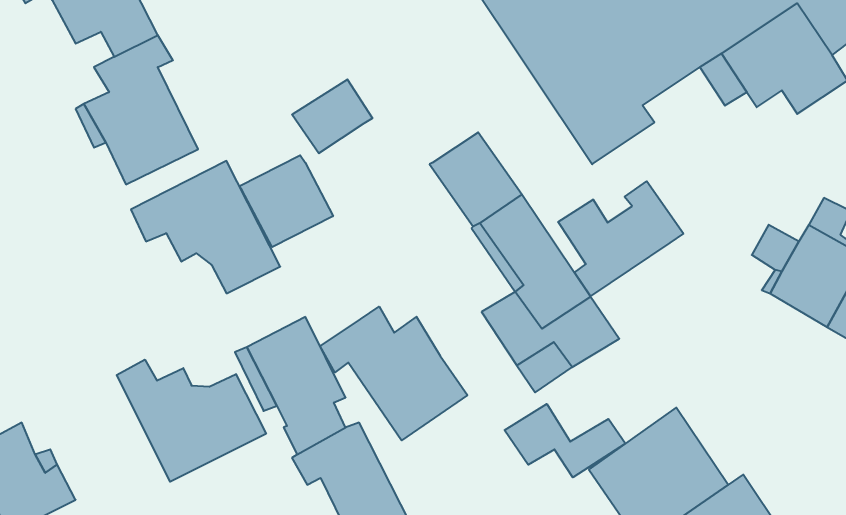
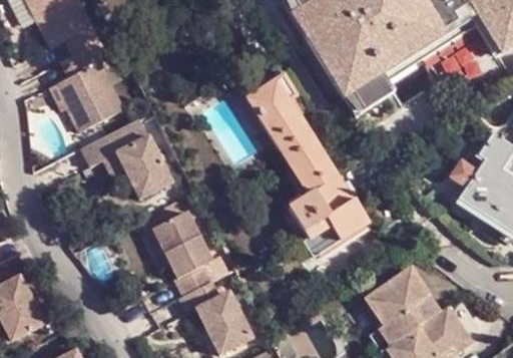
building: [292,79,373,153] -> [247,75,296,119]
building: [239,155,333,247] -> none
building: [558,181,683,296] -> none
building: [320,307,467,440] -> none
building: [117,360,266,482] -> none
building: [505,404,626,477] -> none

